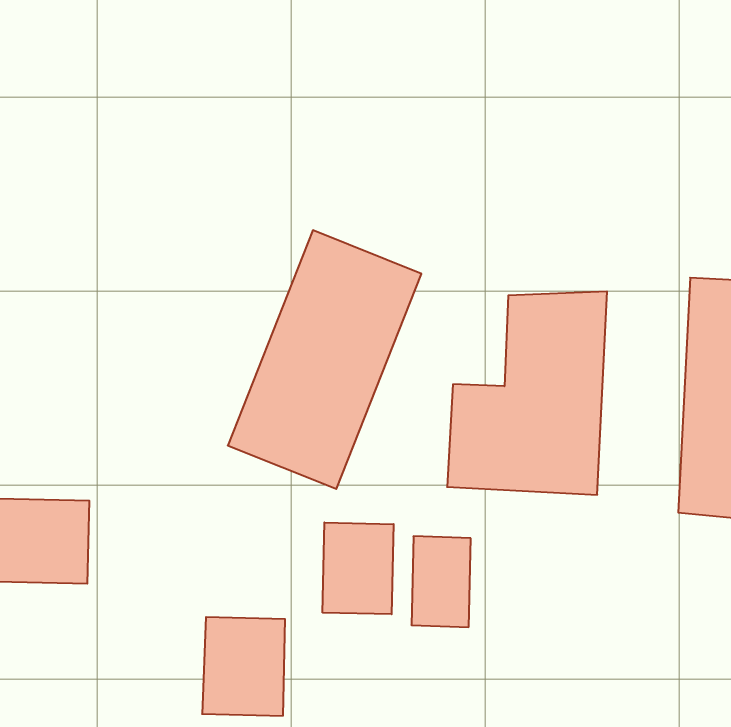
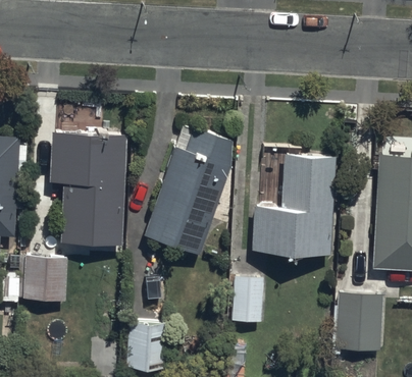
building: none -> [56,127,126,245]
building: [323,522,394,614] -> none
building: none -> [336,295,383,355]

